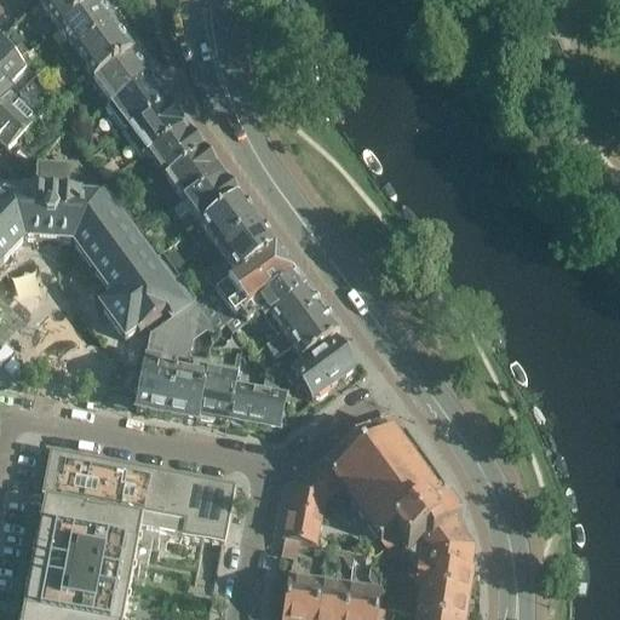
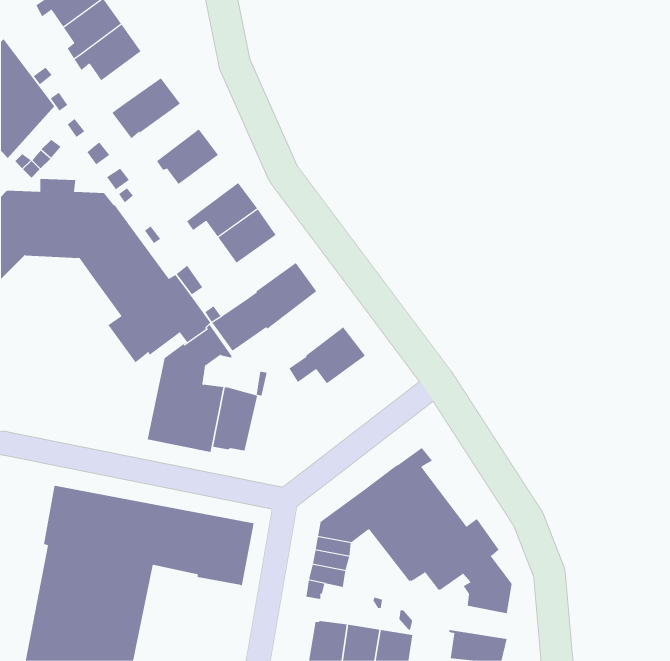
building: [93,47,149,98] -> none
building: [121,96,184,161] -> none
building: [165,143,220,196] -> none
building: [218,217,274,269] -> none
building: [240,269,317,328] -> none
building: [285,338,355,396] -> none
building: [226,378,283,426] -> none
building: [414,558,471,590] -> none

